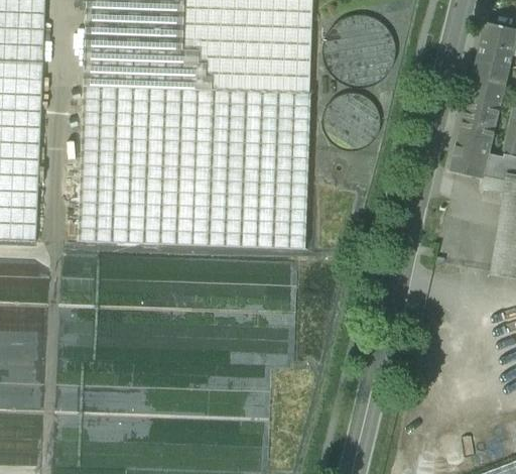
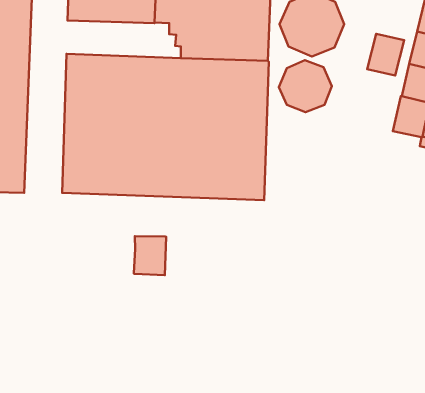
building: [83,47,211,90] -> none
building: none -> [367,34,404,75]
building: none -> [134,236,166,275]

